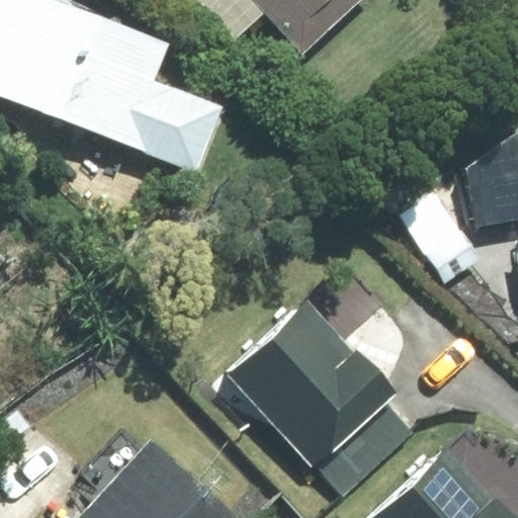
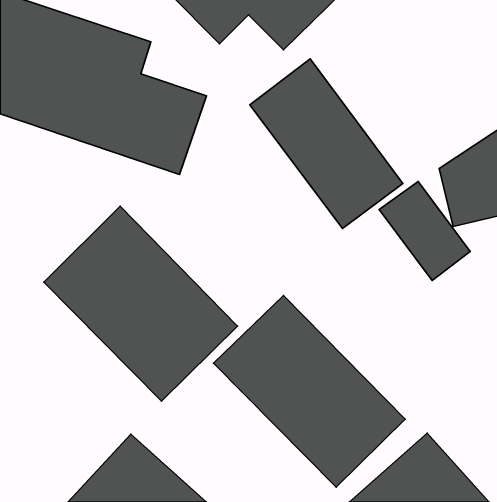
building: none -> [250,59,403,229]
building: none -> [44,206,237,401]

